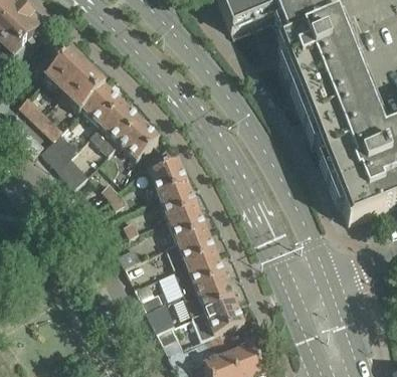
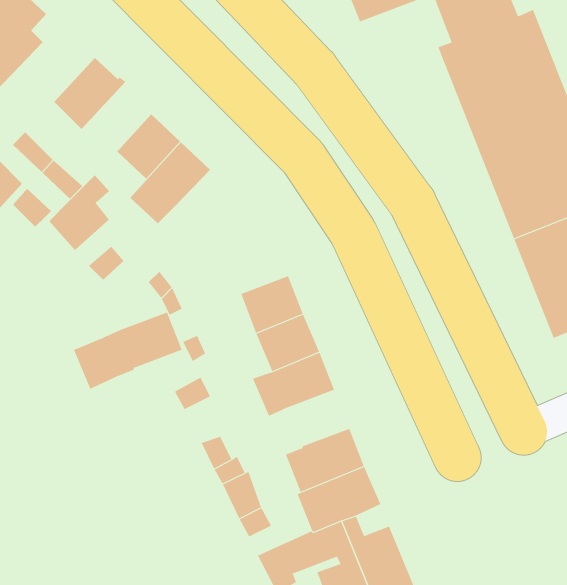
building: [62,65,106,111] -> none
building: [119,119,159,160] -> none
building: [147,148,188,194] -> none
building: [159,252,225,300] -> [73,312,182,390]

